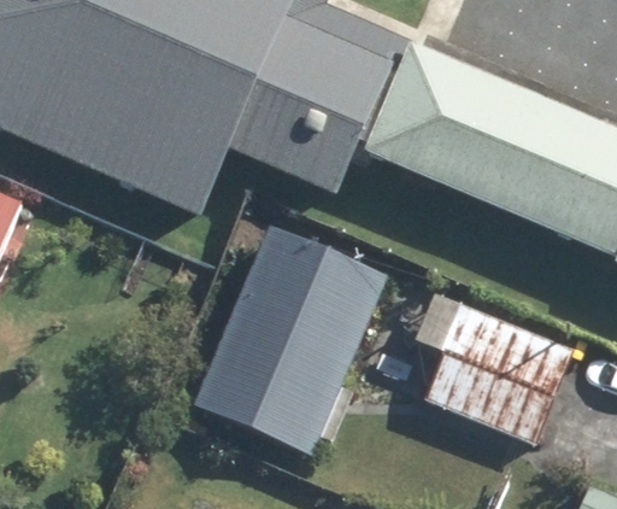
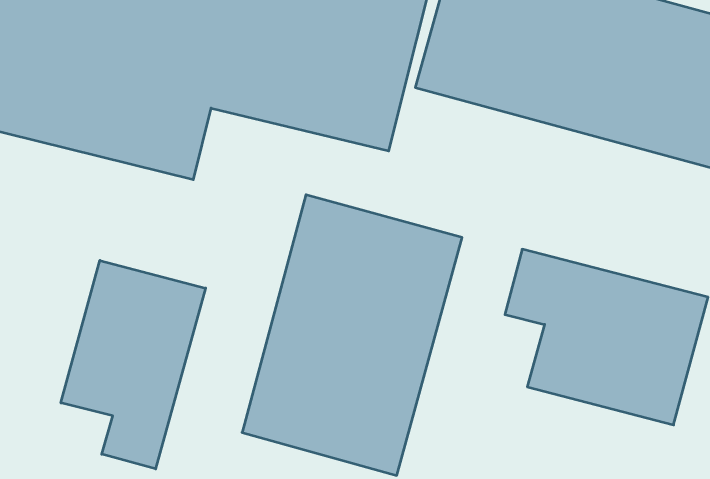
building: none -> [61,260,206,469]

